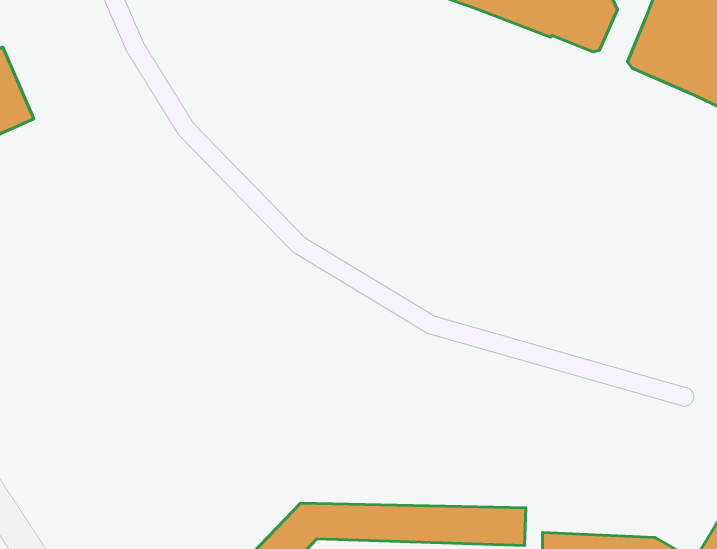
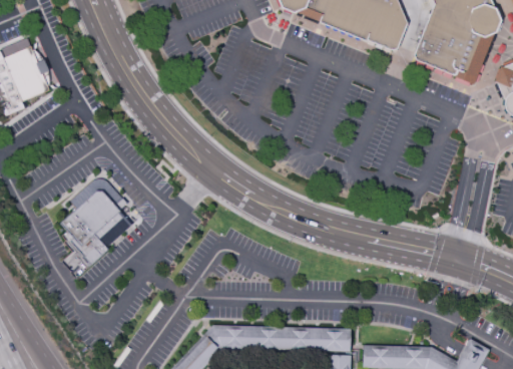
building: none -> [59,190,131,268]

